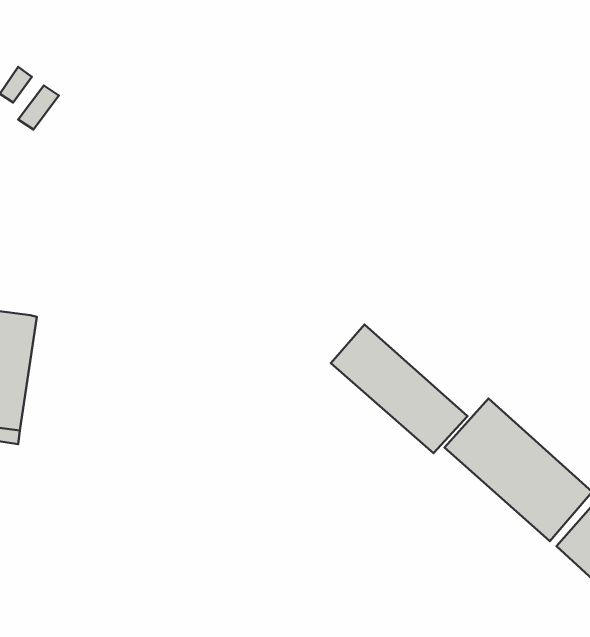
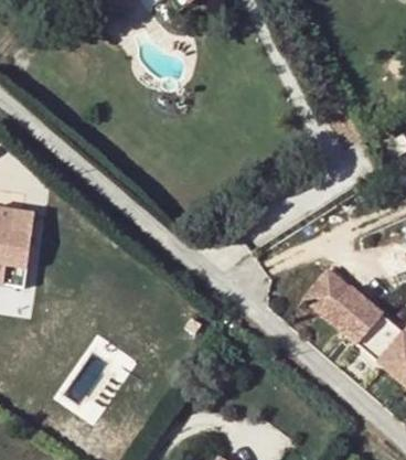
building: [331,324,468,453] -> none

